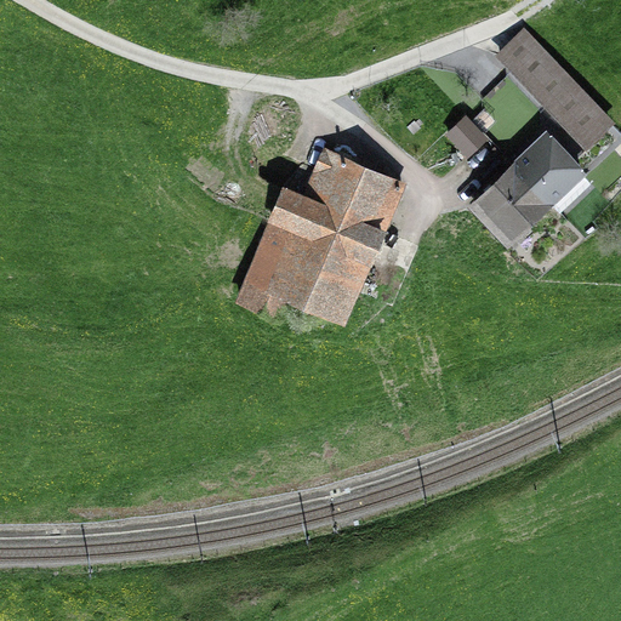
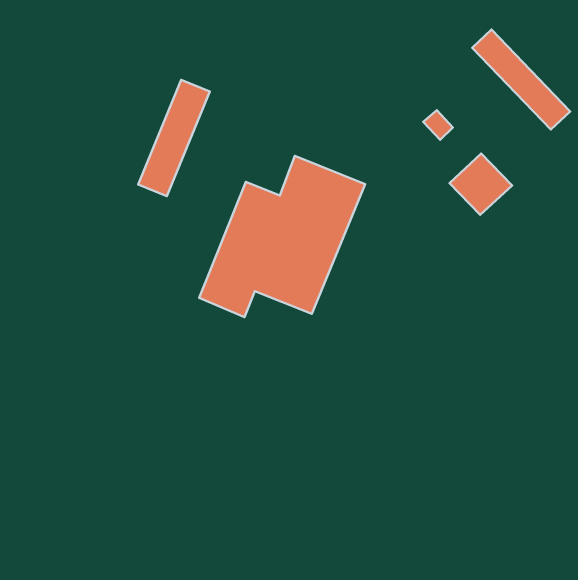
building: none -> [138,80,210,196]
building: [517,131,583,198] -> none

